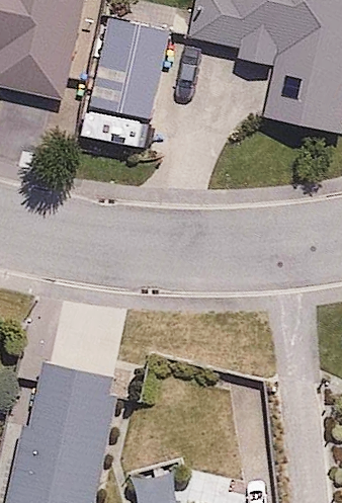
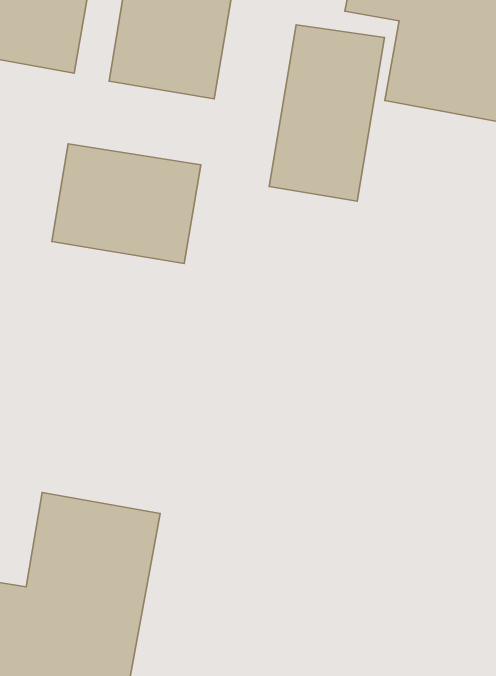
building: none -> [269,25,385,201]
building: none -> [52,144,201,264]

